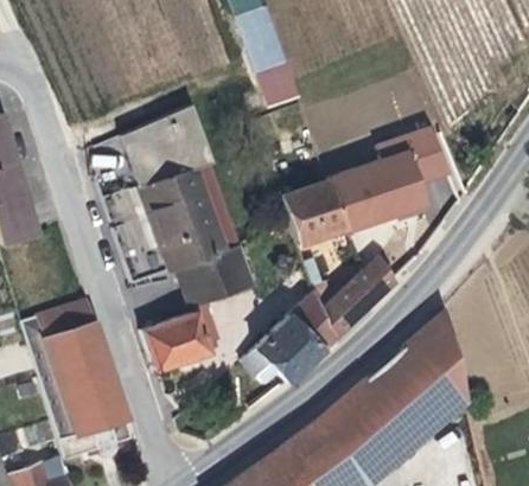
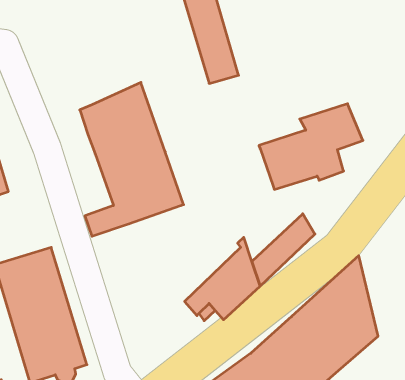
building: [280,183,345,243] -> none
building: [177,248,255,309] -> none
building: [144,308,222,371] -> none

